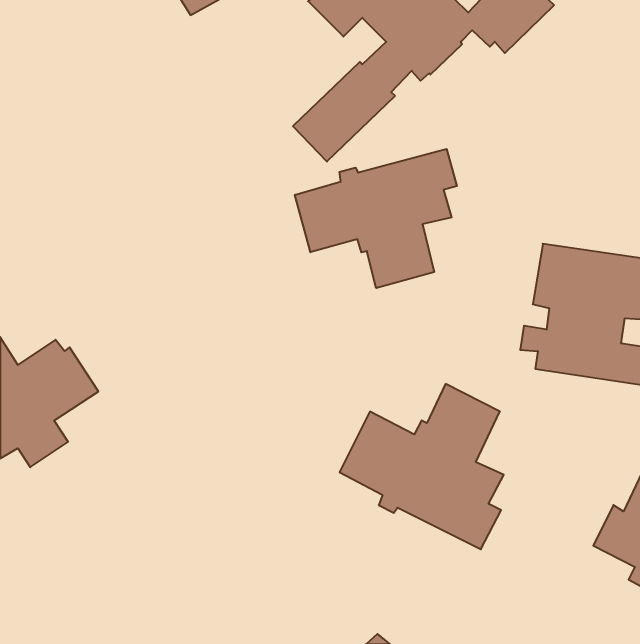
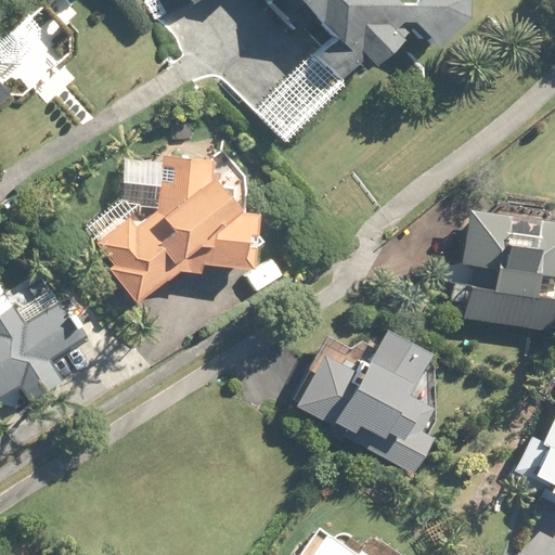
building: [295,149,457,288] -> none
building: none -> [98,154,259,300]

